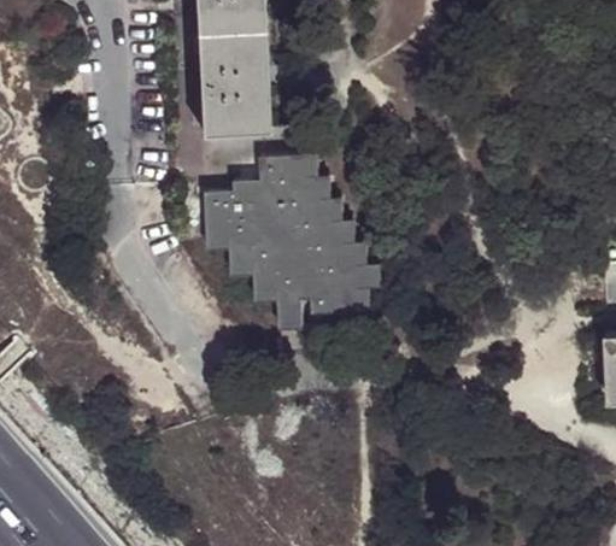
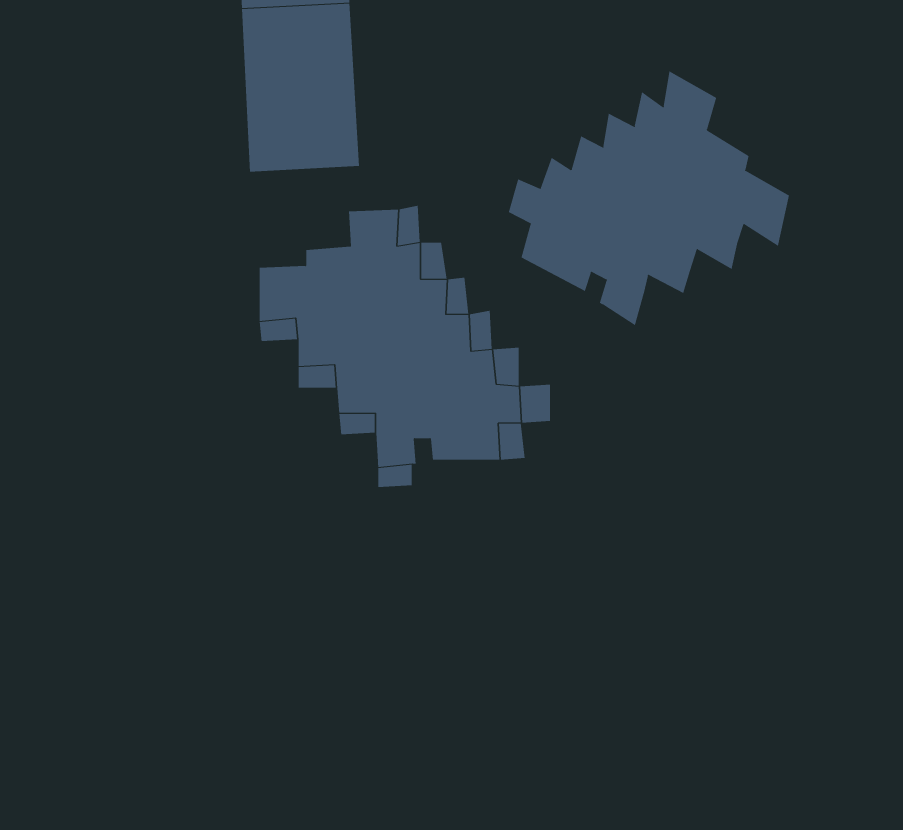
building: none -> [508,71,790,326]

